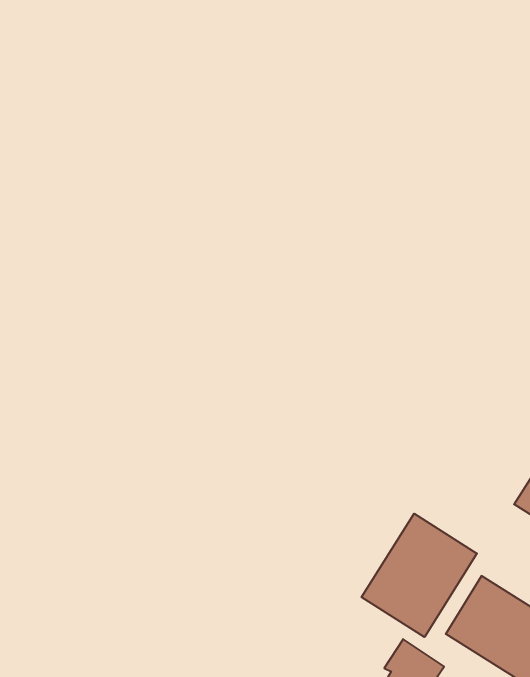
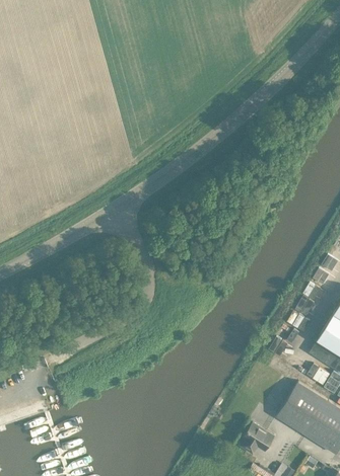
building: [362,514,477,637] -> none

